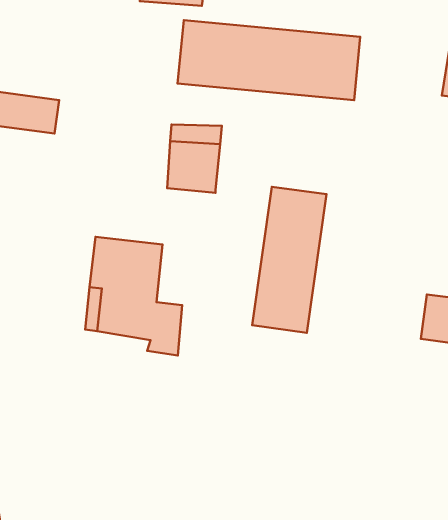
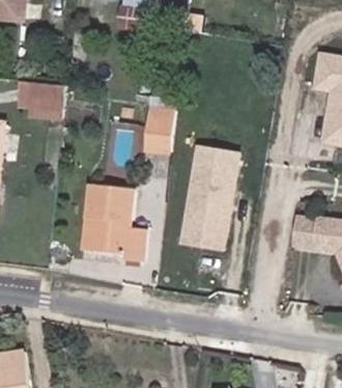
building: [178,20,360,100] -> none

